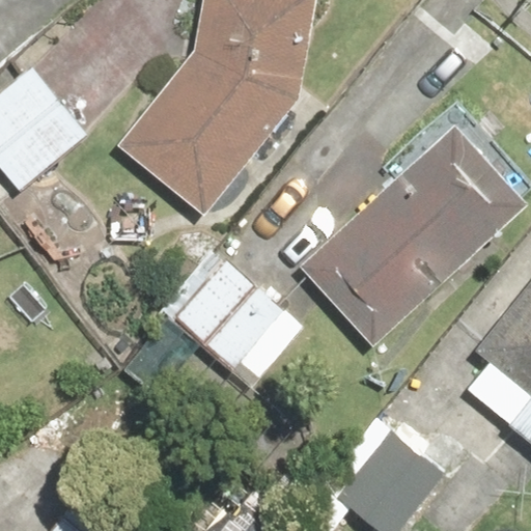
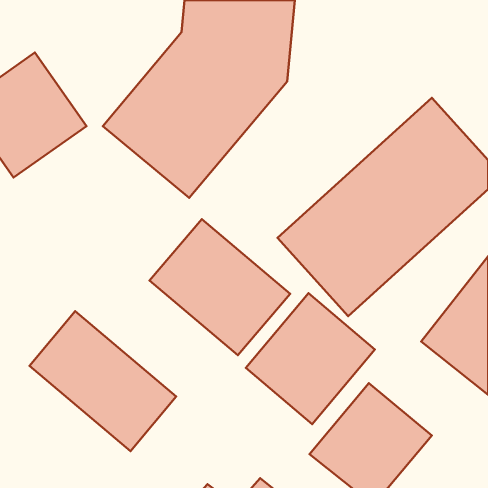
building: none -> [246,293,375,424]
building: none -> [30,311,176,451]

